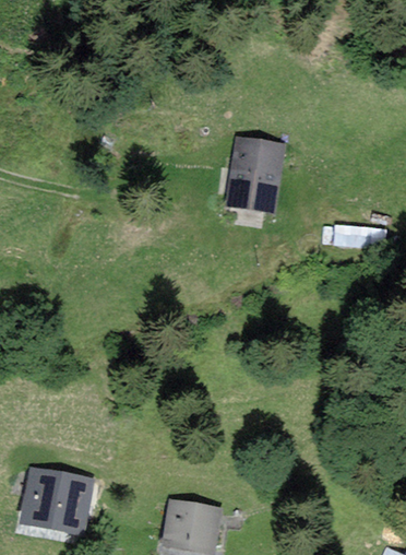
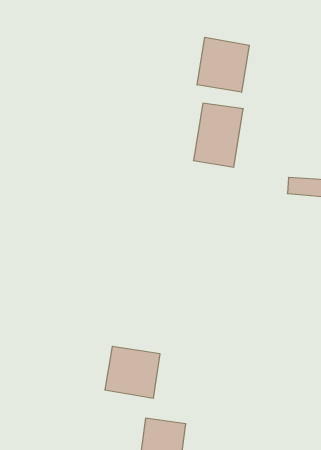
building: none -> [197,37,249,92]
building: [24,471,88,531] -> [105,346,160,398]

